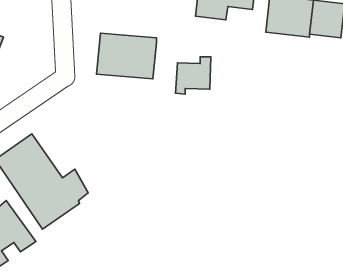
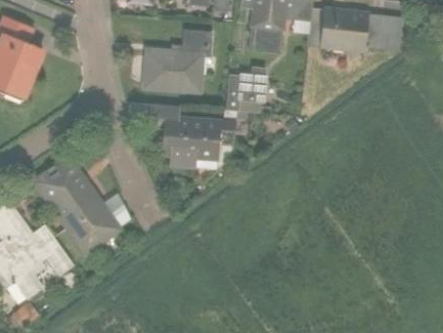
building: none -> [246,28,280,52]
building: none -> [171,29,214,57]
building: none -> [148,103,234,169]

